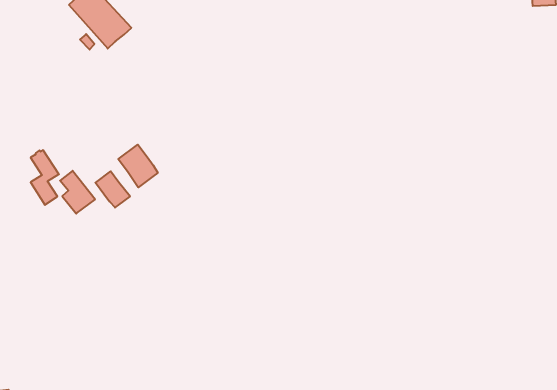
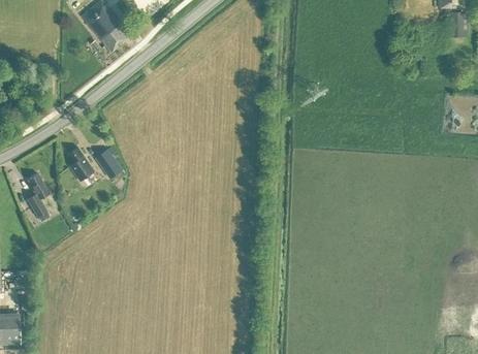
building: [118,145,158,187] -> none
building: [31,150,59,205] -> [26,173,49,217]

